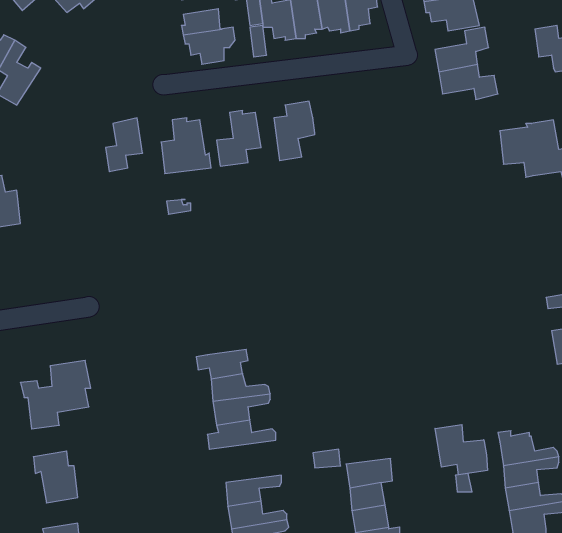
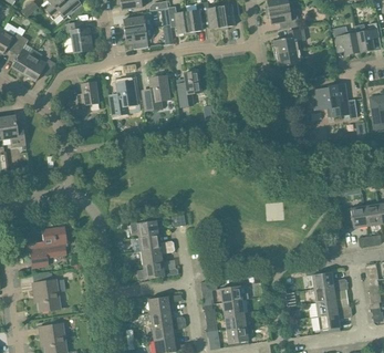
building: none -> [66,21,92,51]
building: none -> [23,51,55,81]
building: [435,425,487,475] -> none

